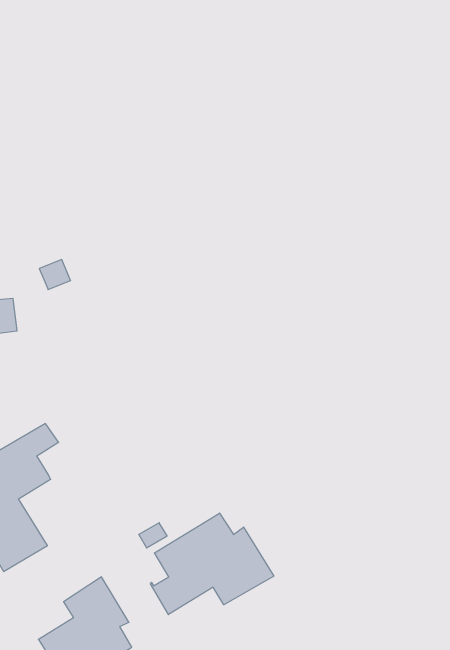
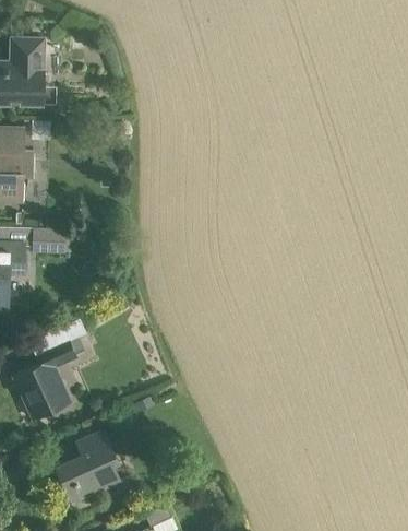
building: [150,513,274,615] -> none

